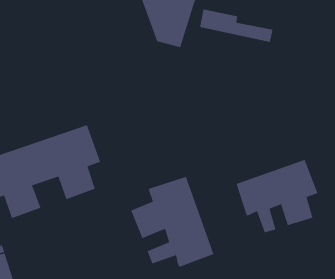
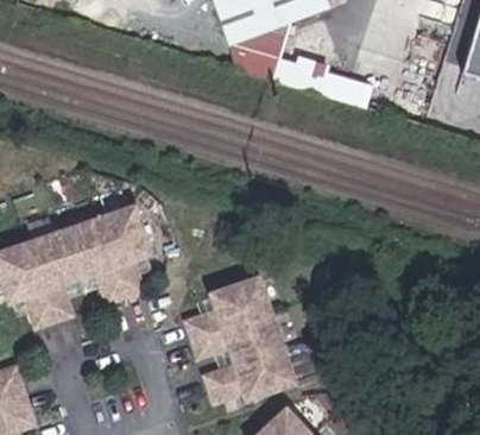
building: [235,159,319,234] -> none

